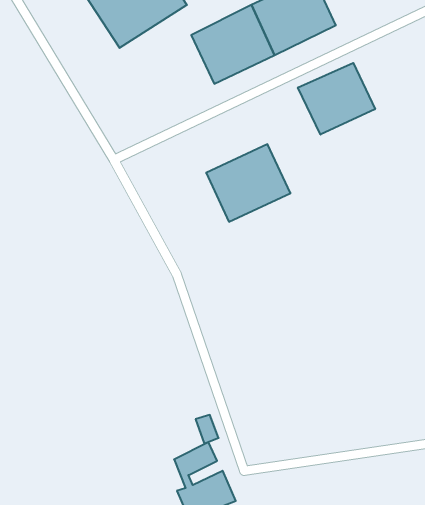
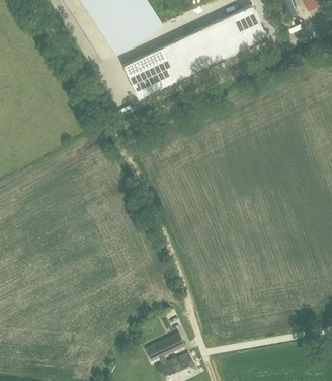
building: [298,63,375,135] -> none
building: [206,144,291,222] -> [122,45,182,100]

